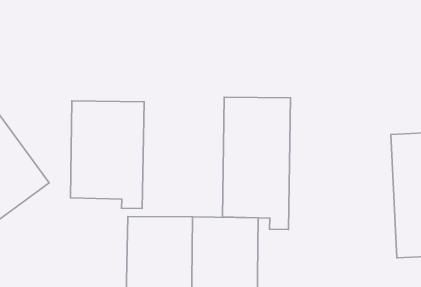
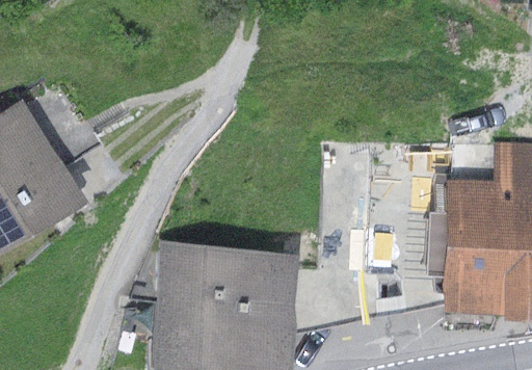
building: [223,97,290,229] -> none
building: [70,101,144,209] -> none

